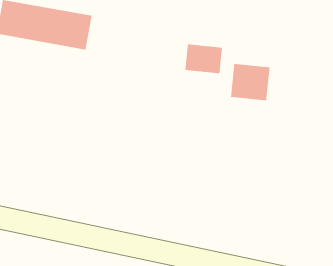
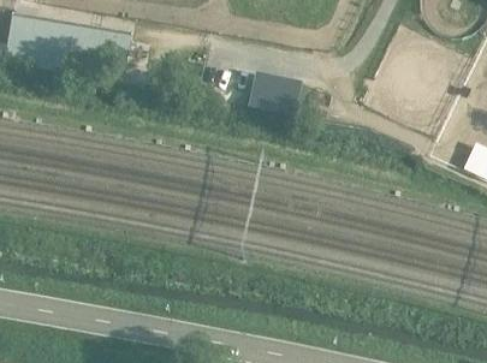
building: [231,63,270,101] -> none

